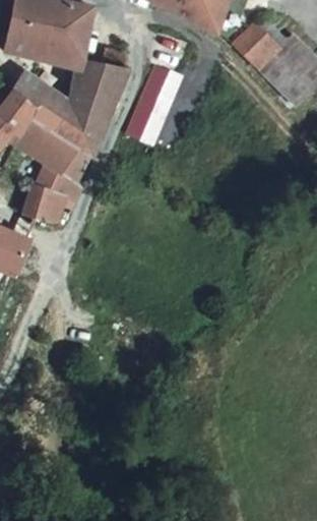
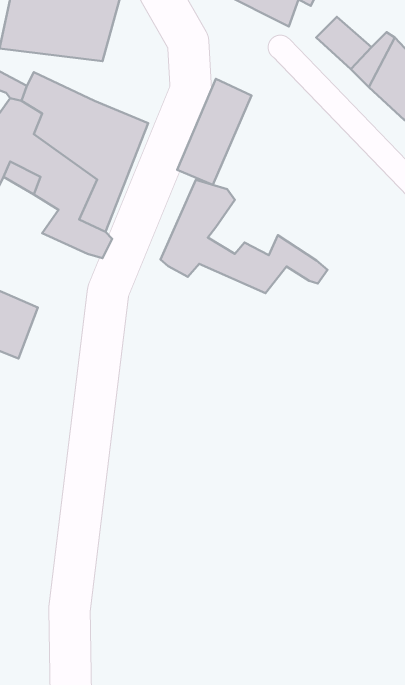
building: [70,56,124,102] -> none
building: none -> [160,180,327,293]
building: [23,183,65,223] -> none

